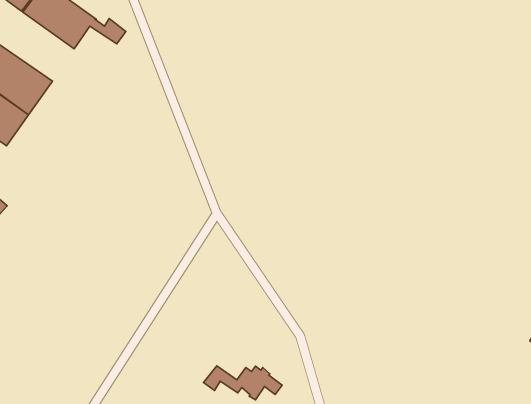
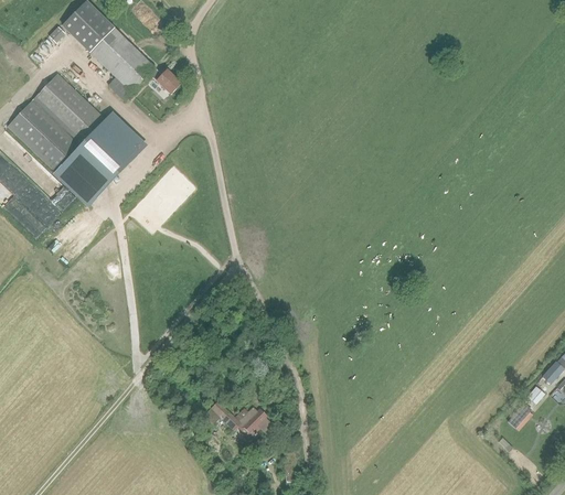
building: none -> [54,118,139,203]

